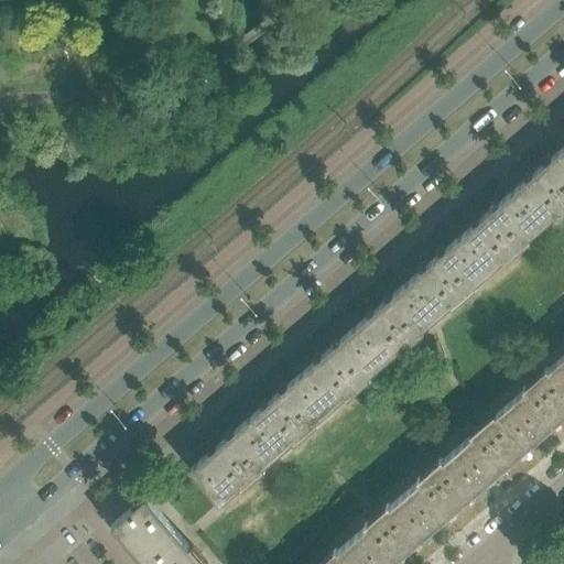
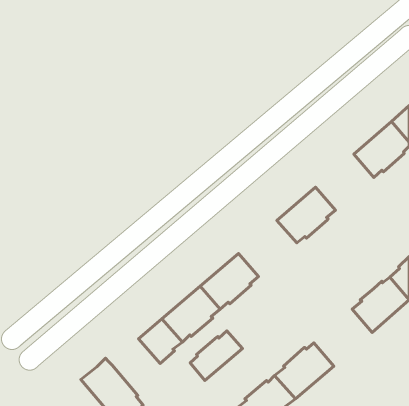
building: [434,216,514,293] -> none
building: [328,307,409,384] -> none
building: [432,430,512,508] -> none
building: none -> [190,331,242,380]

